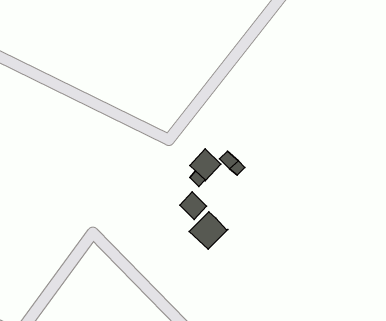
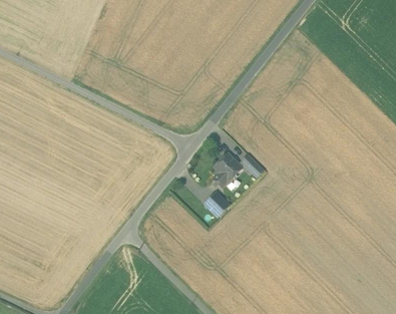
building: [189,212,228,249] -> none

